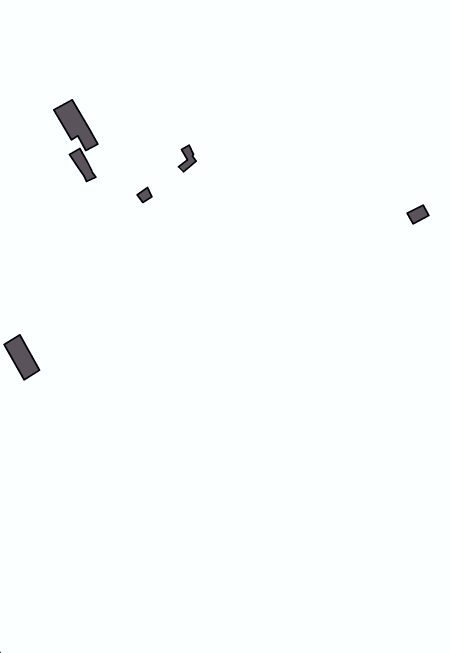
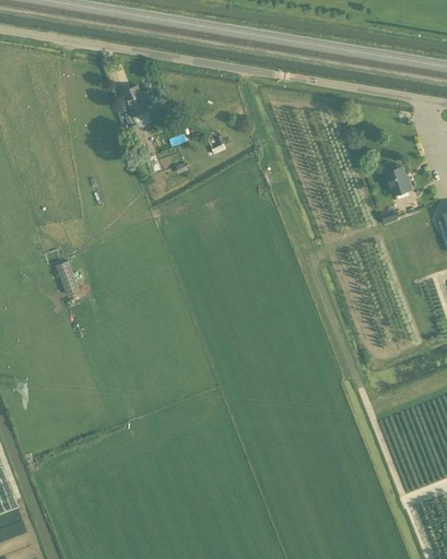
building: none -> [384,169,409,198]

